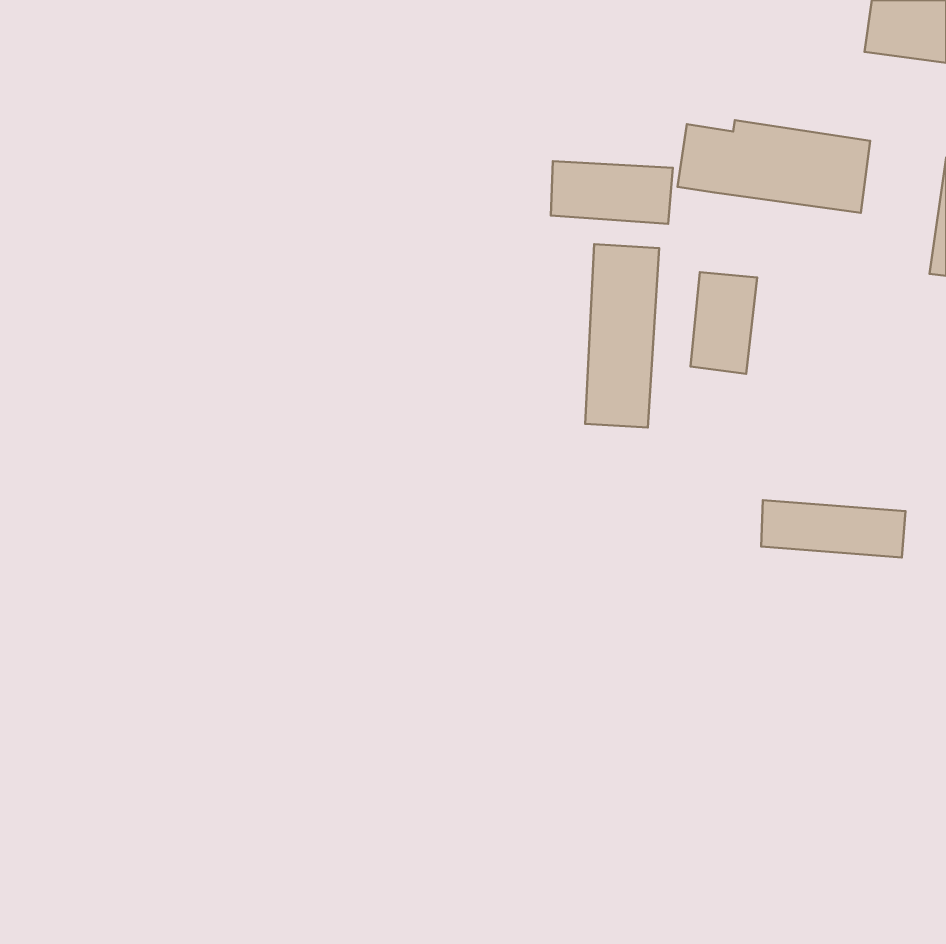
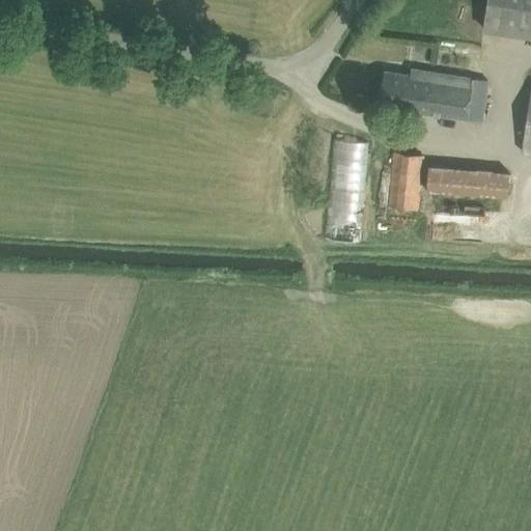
building: [551,161,673,224] -> none
building: [761,500,905,557] -> [427,166,508,198]

